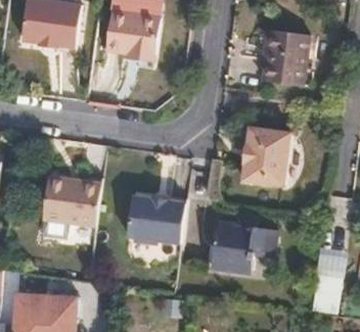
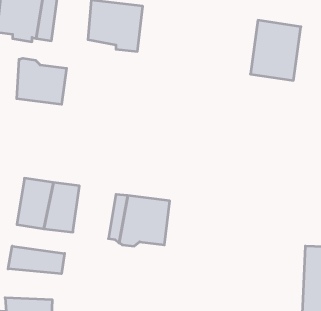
building: none -> [17,58,67,104]
building: [242,127,290,188] -> none
building: [208,223,272,273] -> none
building: none -> [8,246,65,274]

